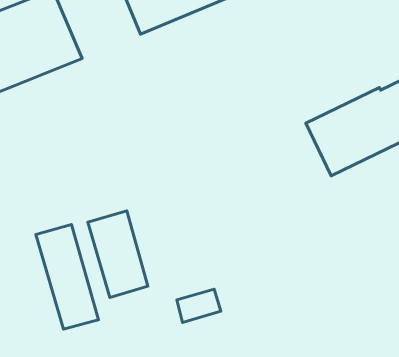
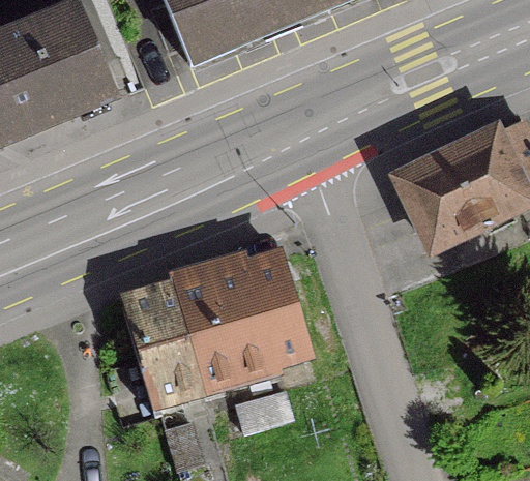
building: none -> [173,259,308,386]
building: [36,225,98,329] -> none

